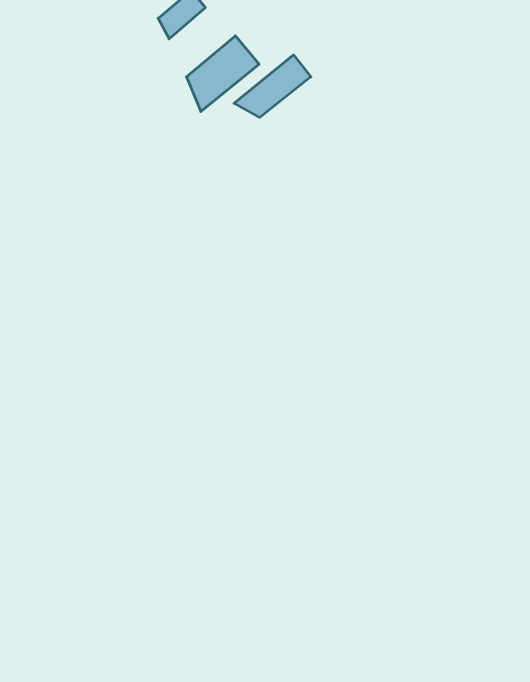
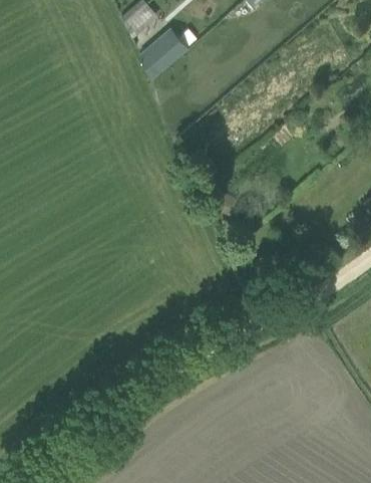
building: [234,55,311,117] -> none

